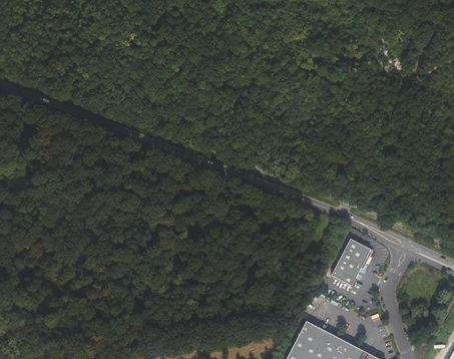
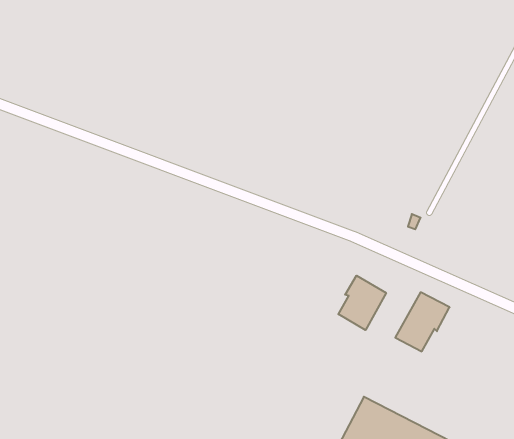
building: none -> [338,276,386,330]

